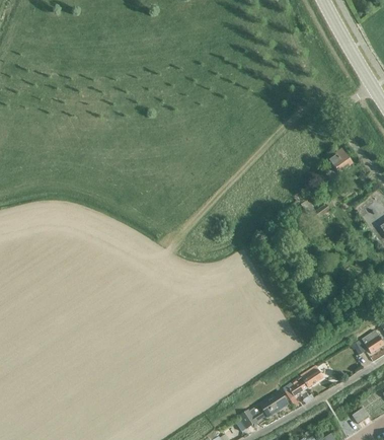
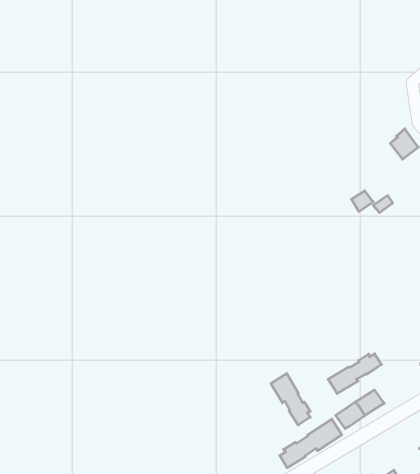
building: none -> [328,354,382,394]
building: none -> [271,373,310,425]

